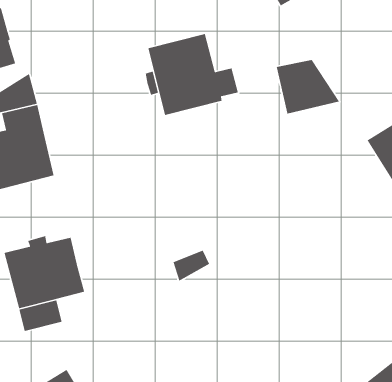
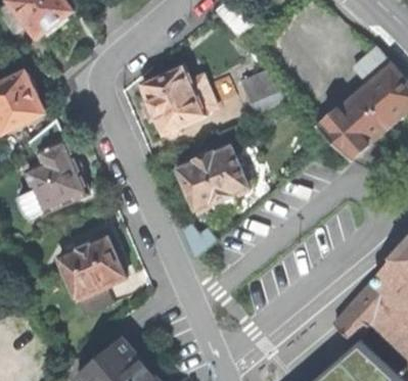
building: none -> [177,144,250,217]

